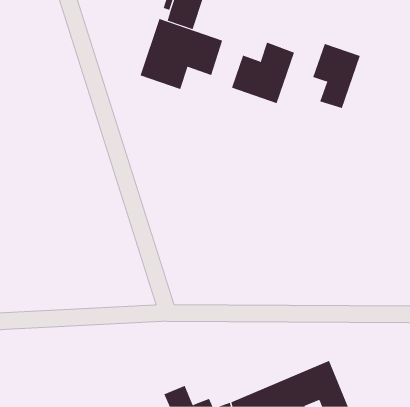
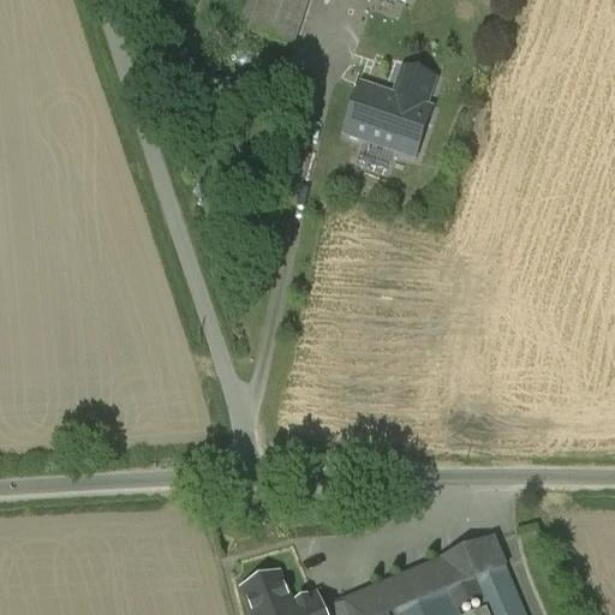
building: [140,18,223,90] -> none
building: [313,43,360,109] -> none

